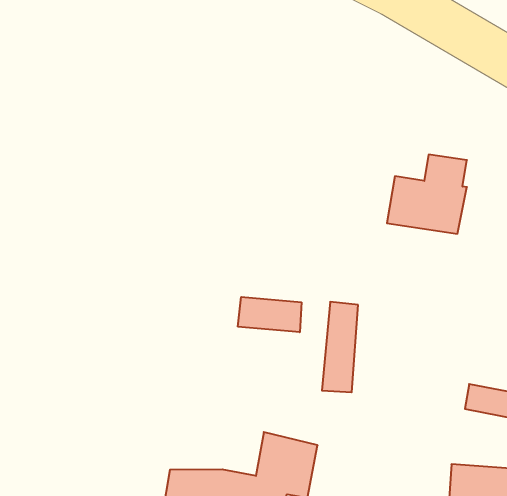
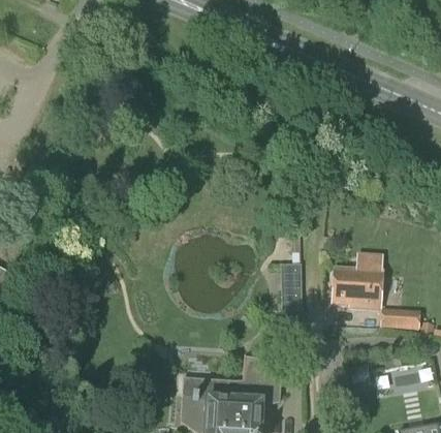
building: [387,155,467,234] -> [333,252,385,305]
building: [238,297,301,332] -> none

